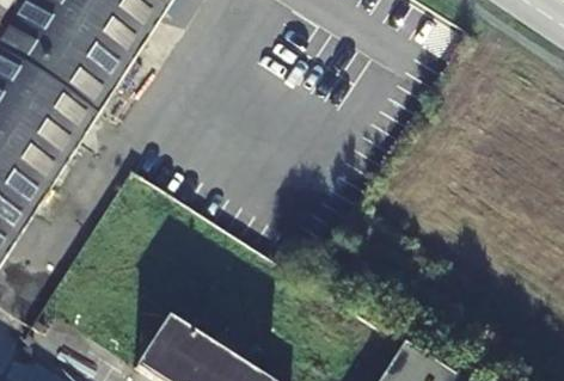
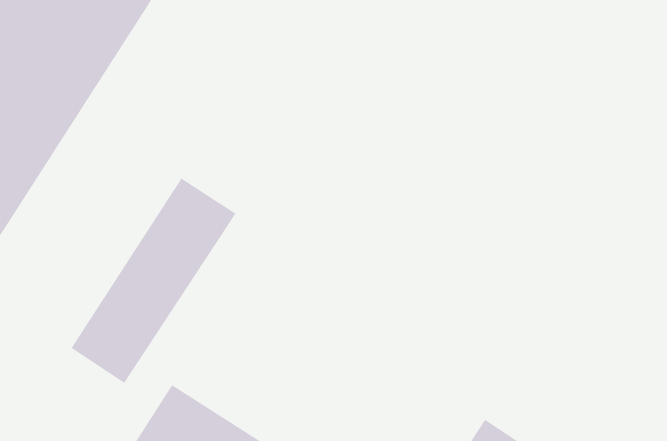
building: none -> [71,177,237,384]

